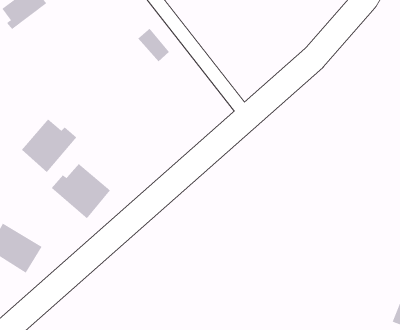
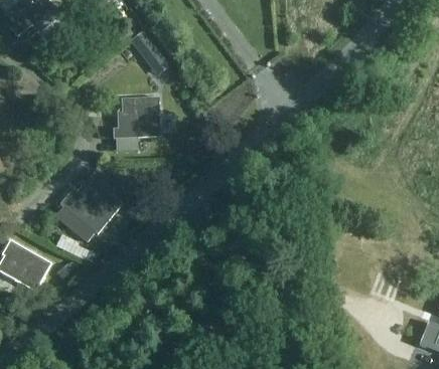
building: none -> [113,98,158,138]
building: [21,119,77,173] -> none

